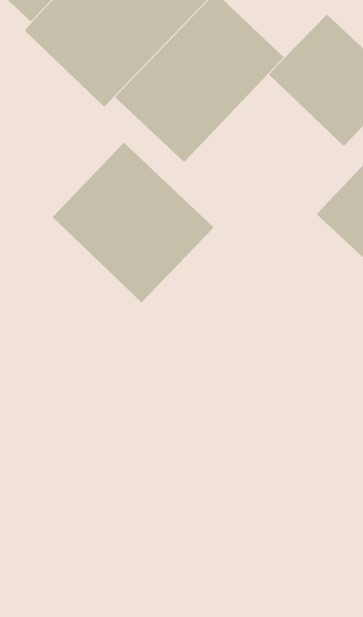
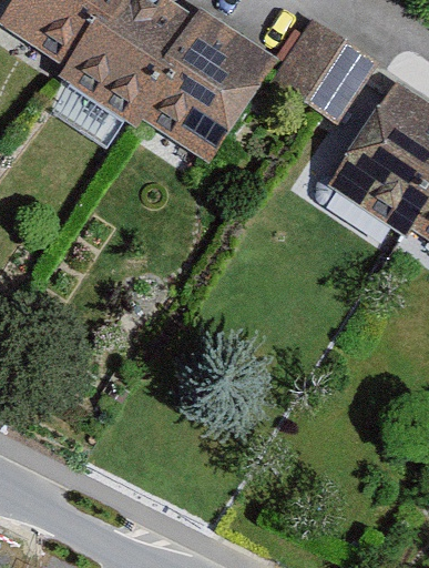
building: [52,142,215,303] -> none

